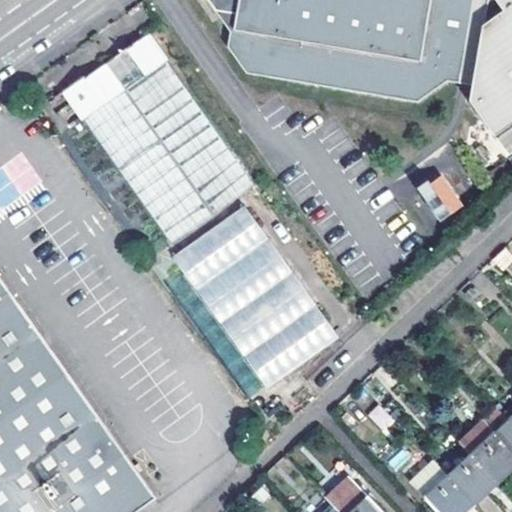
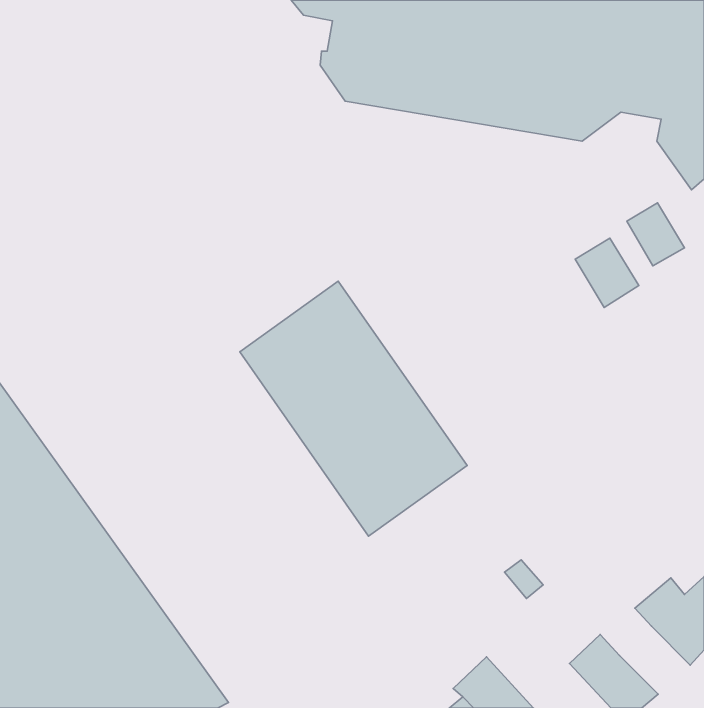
building: [58,32,253,244] -> none
building: none -> [627,203,685,266]
building: [447,452,498,501] -> none

